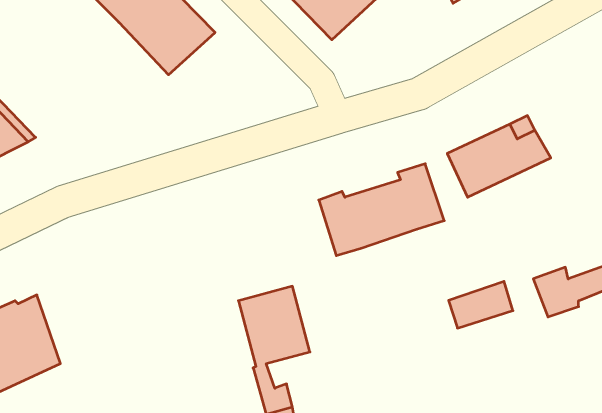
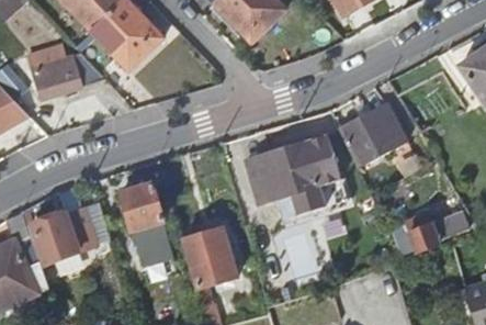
building: none -> [32,52,104,101]
building: none -> [120,182,173,267]
building: none -> [33,212,98,266]
building: [449,281,513,328] -> [274,184,323,220]

